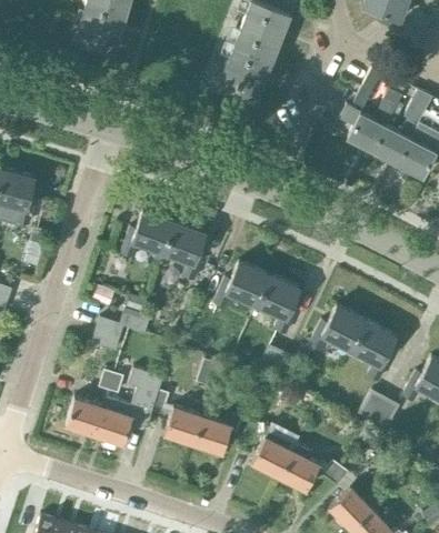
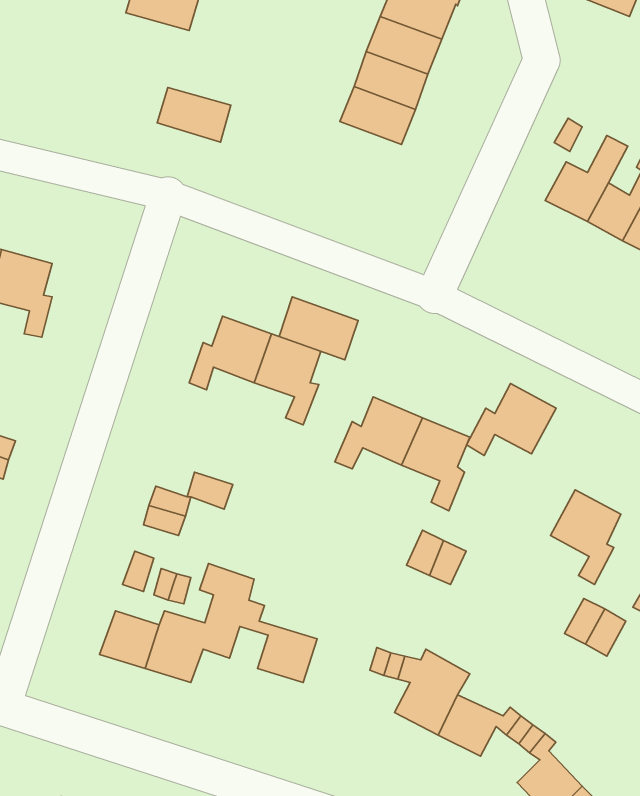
building: [74,20,121,54] -> [157,88,231,142]
building: none -> [279,297,358,360]
building: [309,306,366,352] -> [467,384,556,455]
building: [193,416,230,453] -> none

